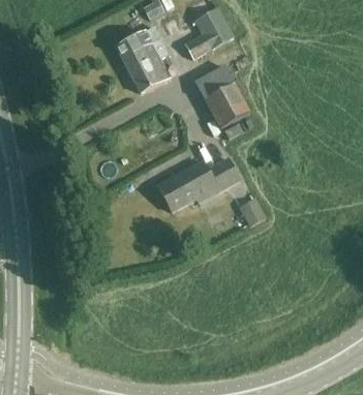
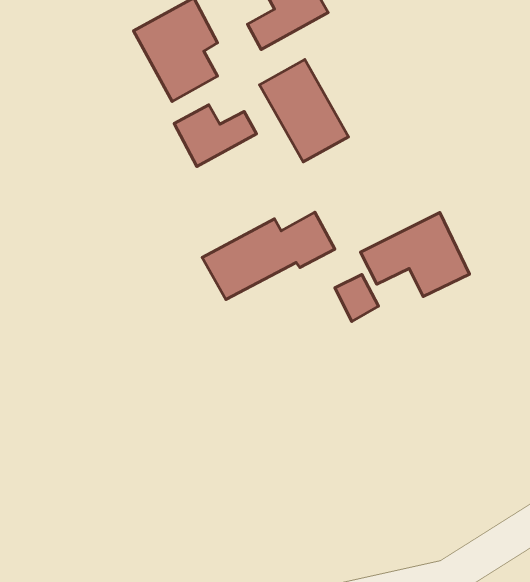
building: none -> [174,105,257,166]
building: none -> [360,213,470,296]

